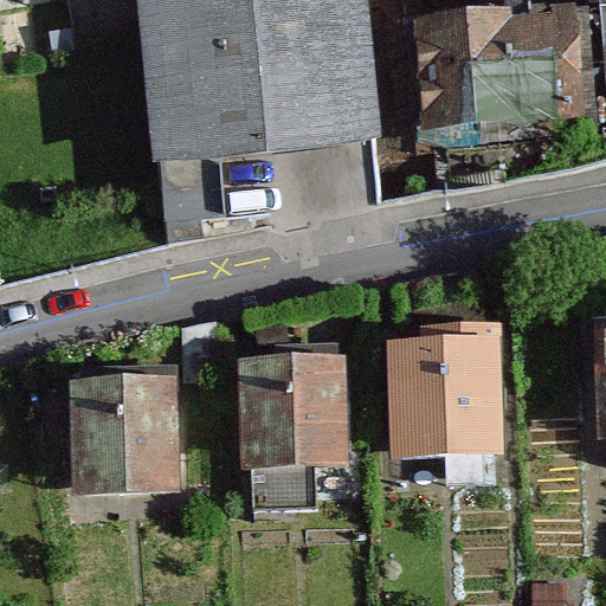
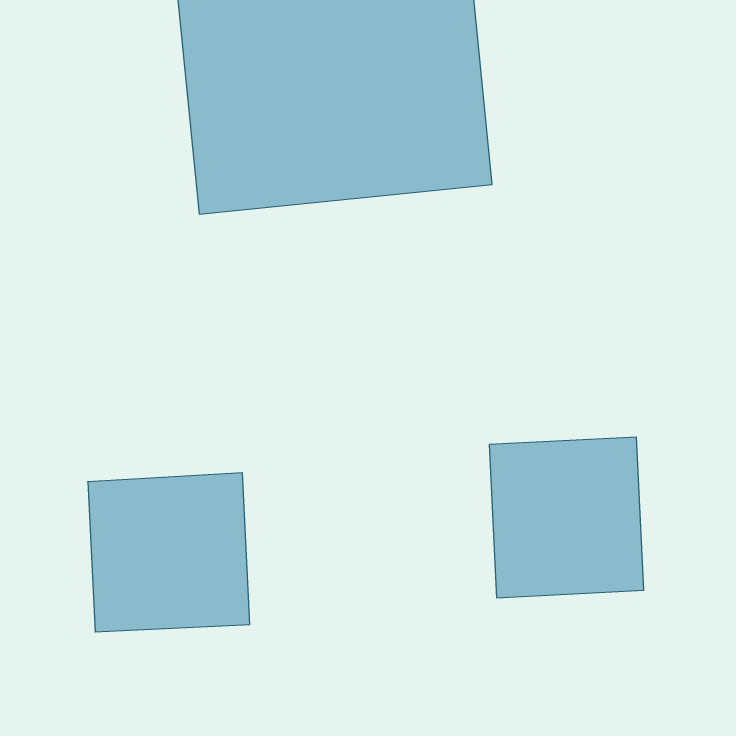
building: [407,24,570,136] -> none
building: [244,359,356,484] -> none

